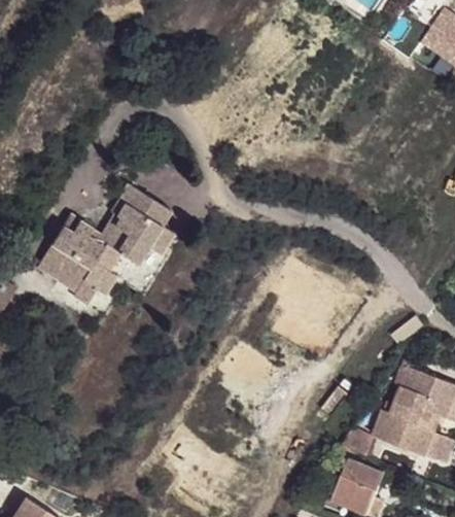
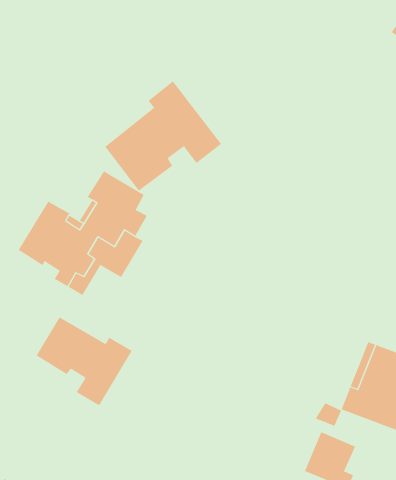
building: none -> [104,81,222,191]
building: none -> [36,317,132,406]

